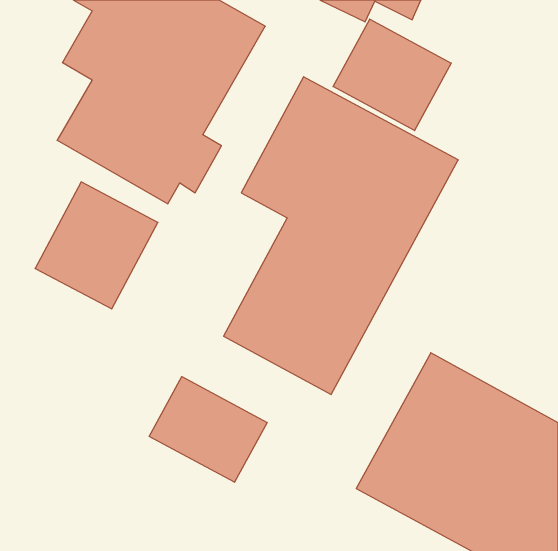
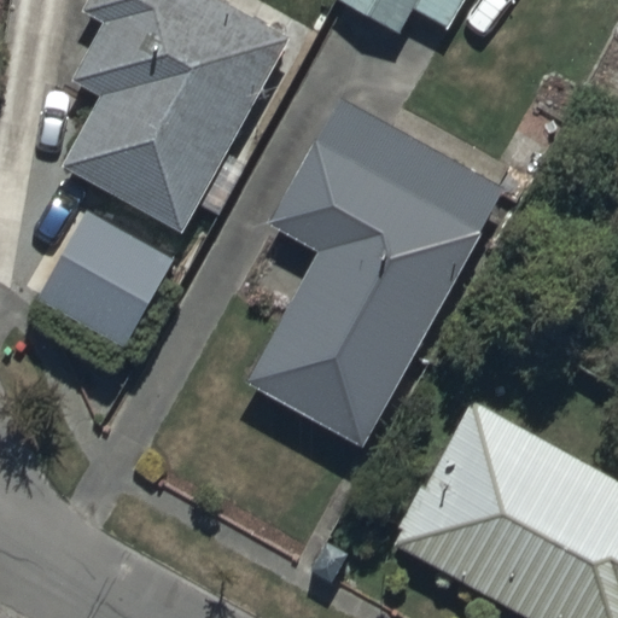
building: [333,19,451,131] -> none
building: [149,377,267,482] -> none

